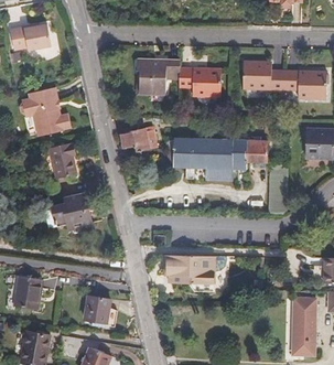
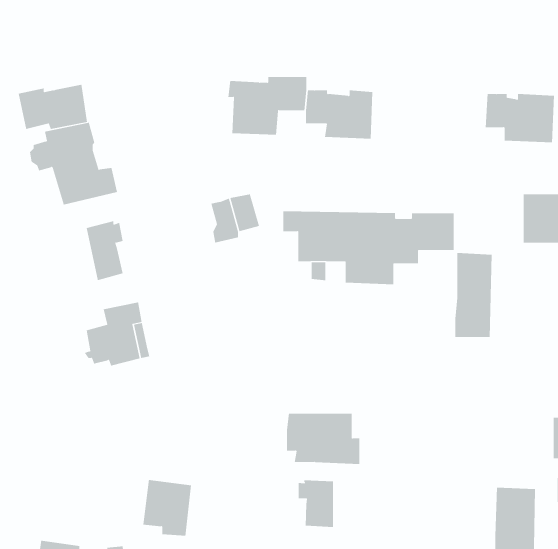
building: [9,24,50,51] -> [18,84,88,130]
building: [241,60,285,89] -> none
building: [15,276,44,309] -> none
building: none -> [298,479,334,528]

